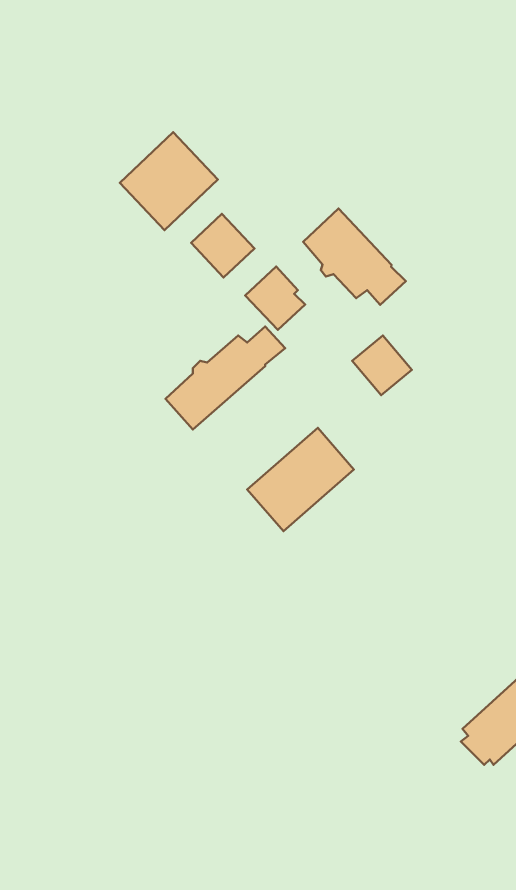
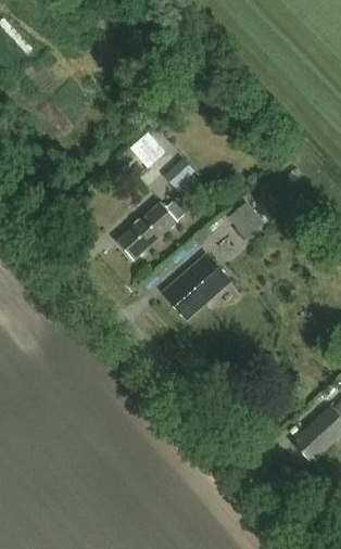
building: [120,132,218,230] -> none
building: [303,209,406,305] -> none

